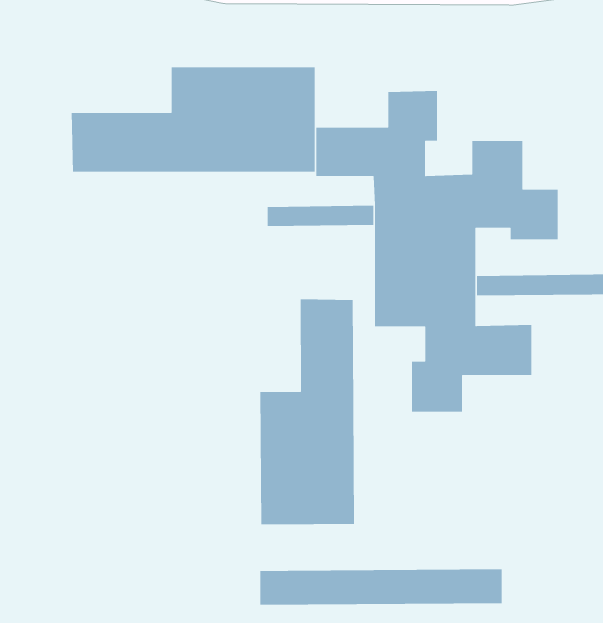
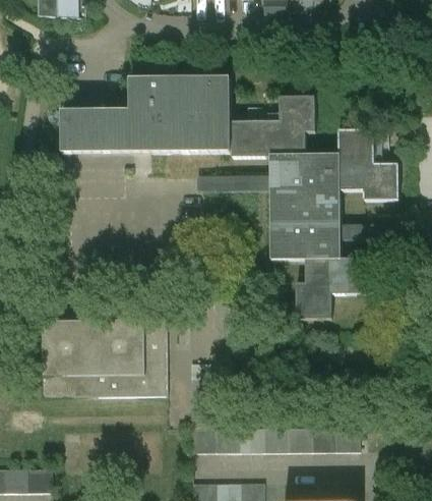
building: [260,299,355,525] -> none
building: none -> [42,319,167,396]

